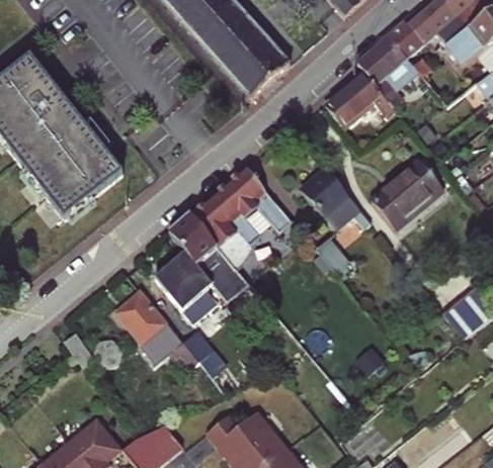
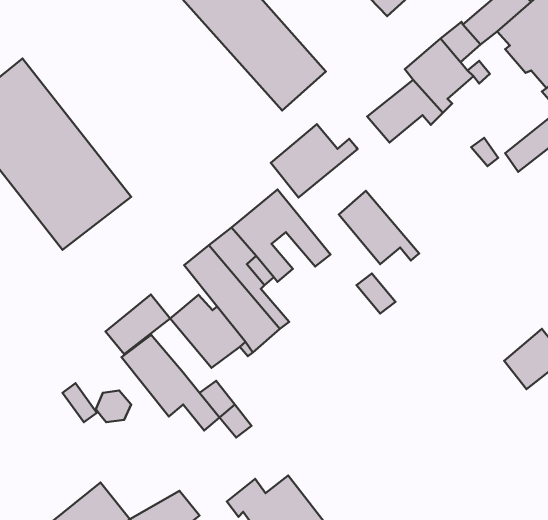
building: none -> [271,124,358,197]
building: [372,161,443,228] -> none
building: none -> [105,294,170,354]

